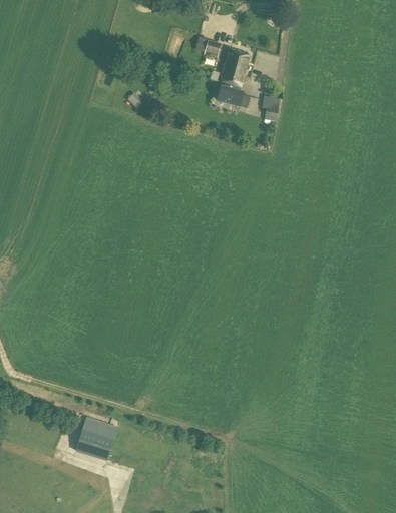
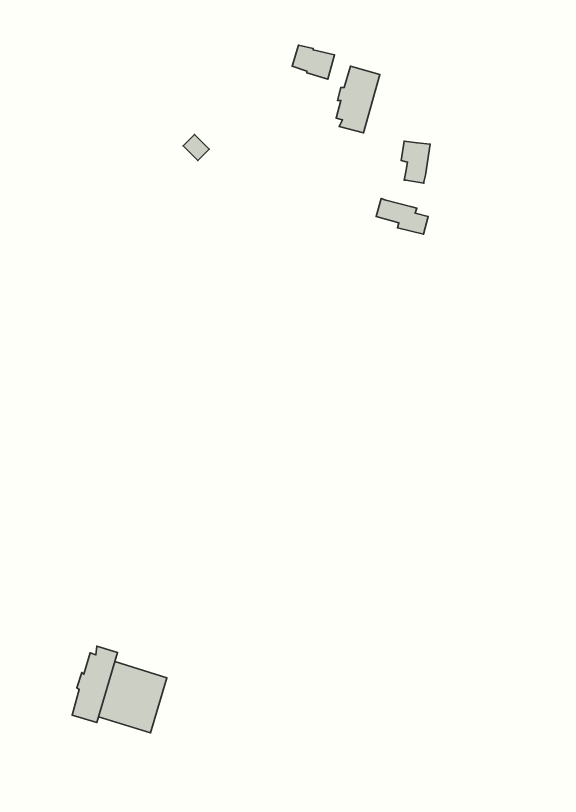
building: [219,85,251,107] -> [376,198,428,234]
building: none -> [72,646,117,722]

